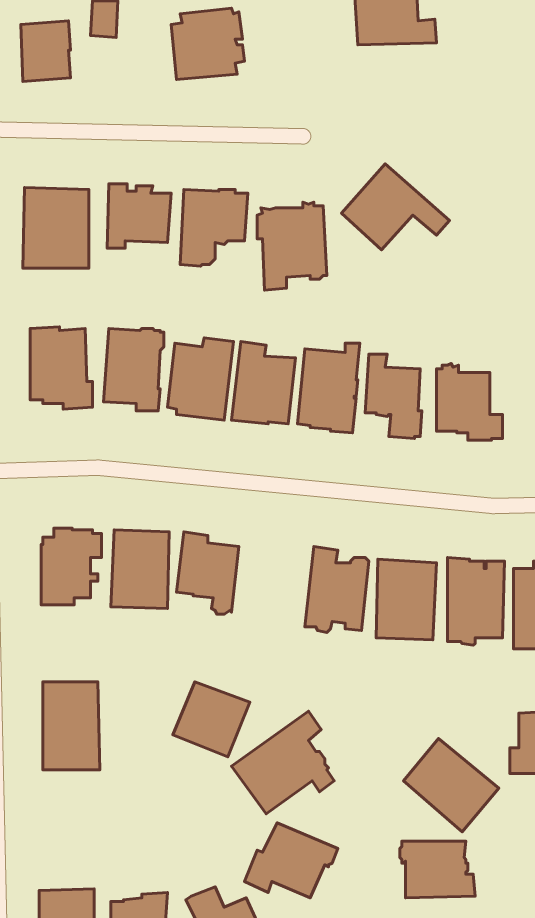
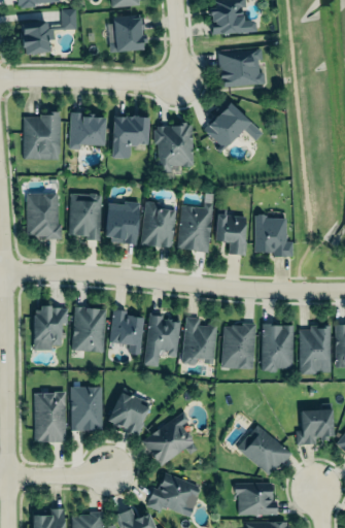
building: none -> [218,50,265,88]
building: none -> [143,314,180,367]
building: none -> [71,388,103,431]

